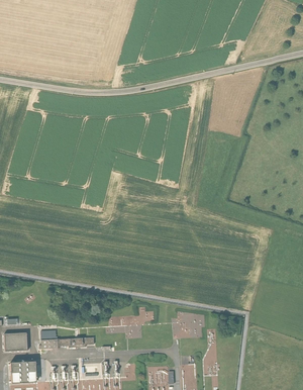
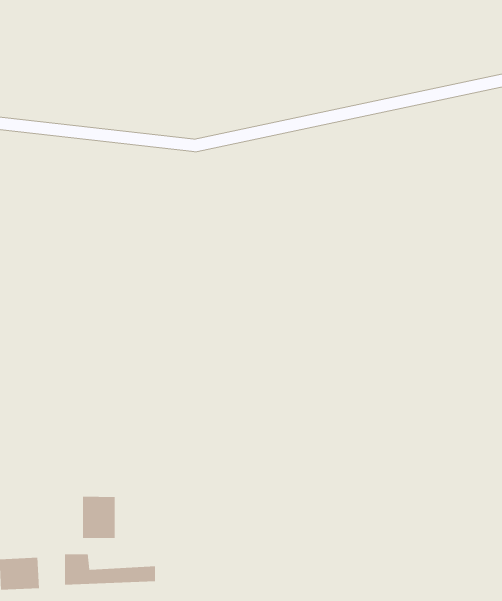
building: none -> [82,496,115,539]

